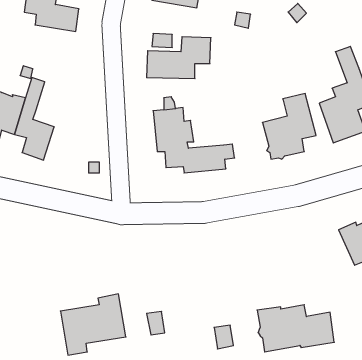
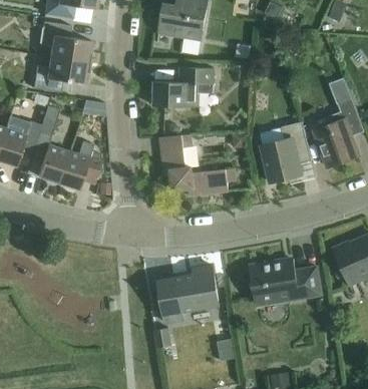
building: none -> [32,57,87,93]
building: none -> [57,141,100,189]
building: [60,294,126,355] -> [157,265,219,322]
building: [257,305,334,352] -> [249,260,321,304]

